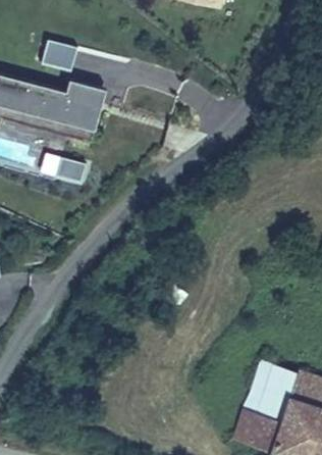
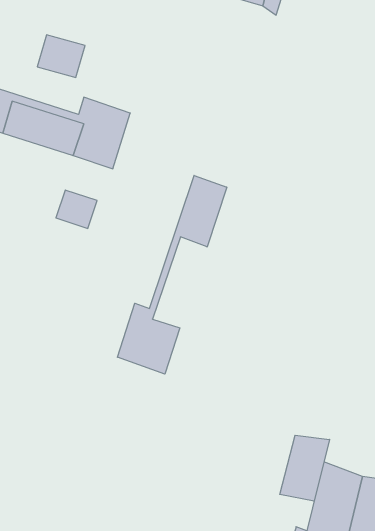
building: none -> [117,175,227,374]
building: none -> [280,435,330,501]

